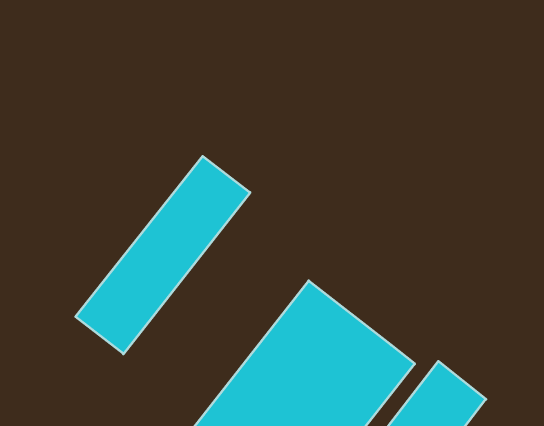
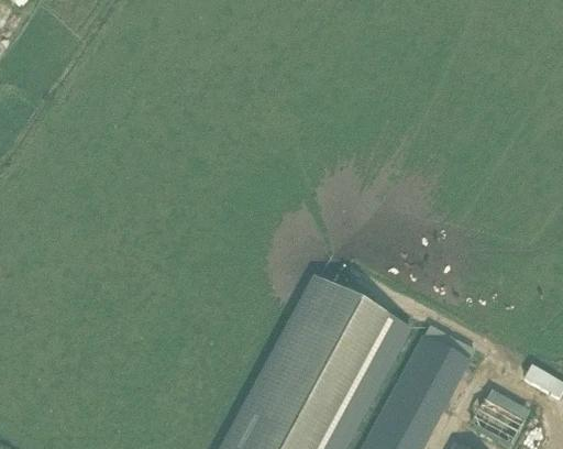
building: [76,156,250,354] -> none

